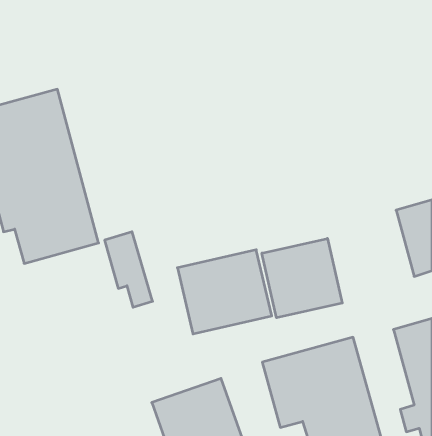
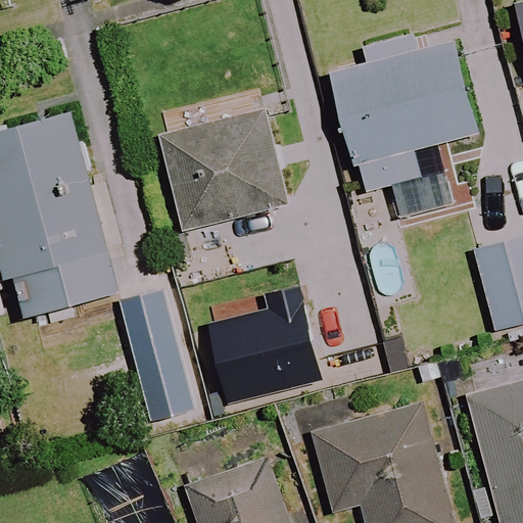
building: none -> [328,41,477,218]
building: none -> [164,110,284,227]
building: [262,238,342,318] -> none

